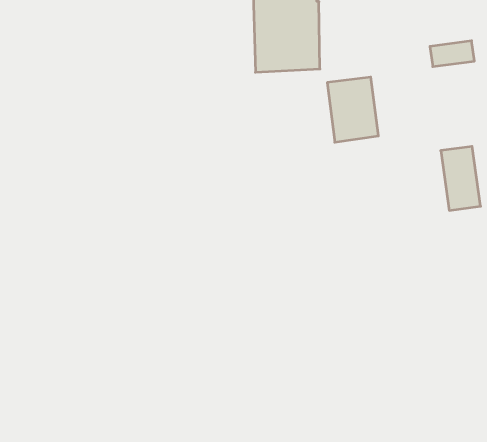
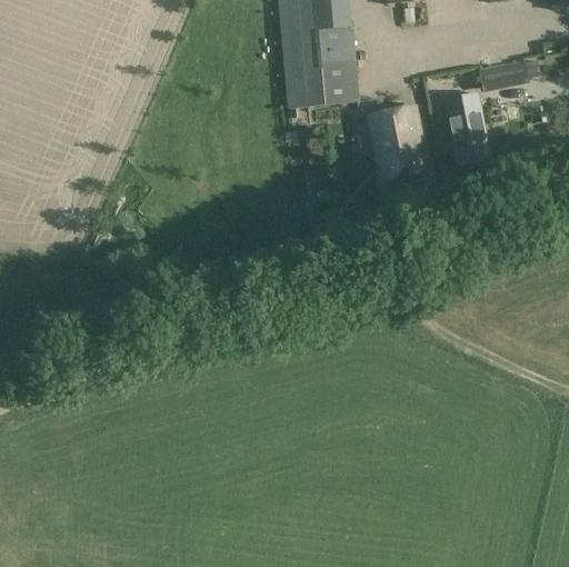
building: [441,146,481,210] -> [442,91,490,163]

